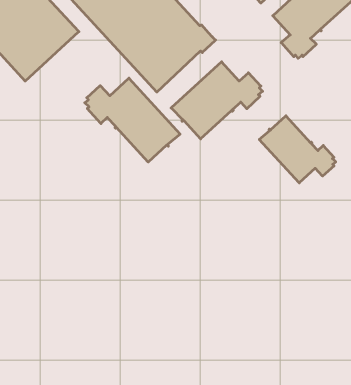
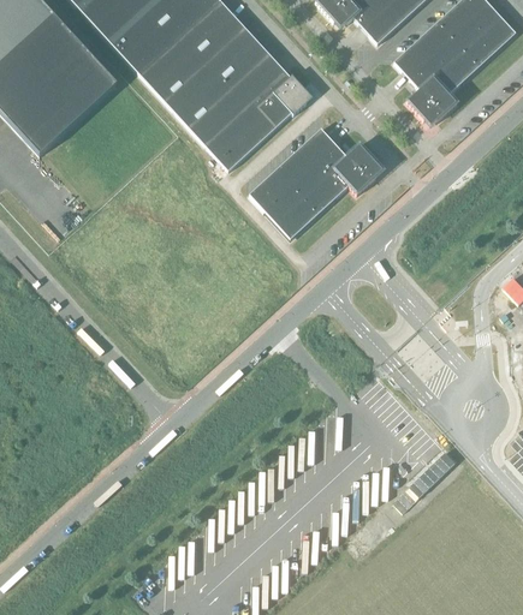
building: [85,78,180,162] -> none
building: [259,116,336,183] -> none

